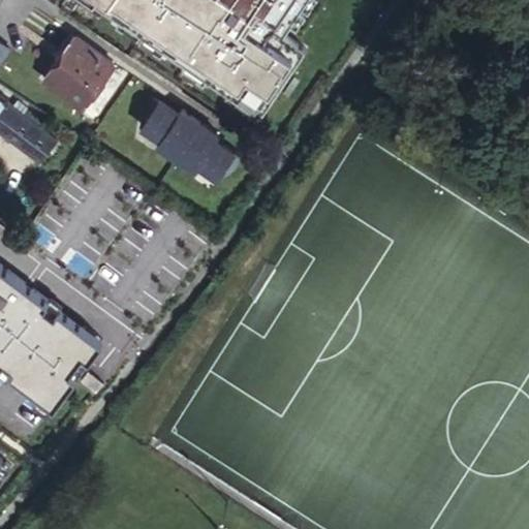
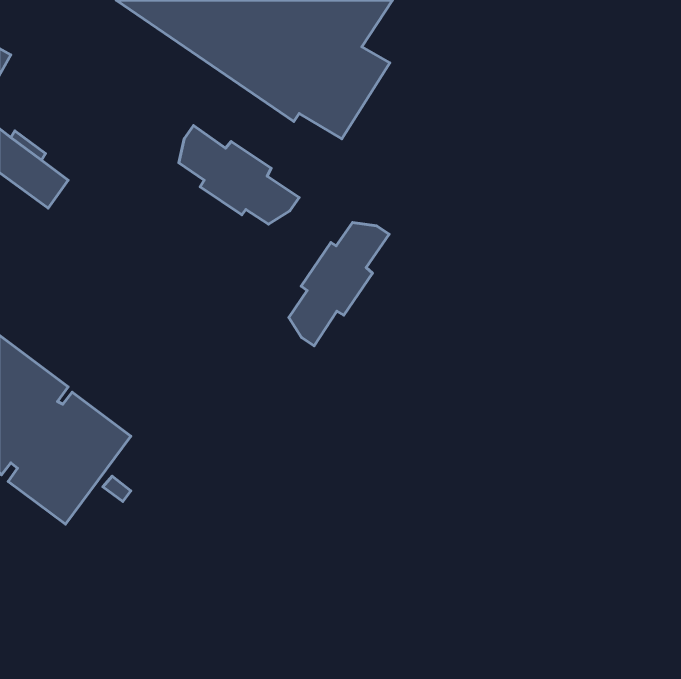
building: [48,36,115,104] -> none
building: none -> [289,223,389,346]

